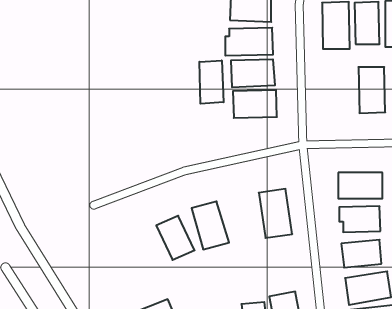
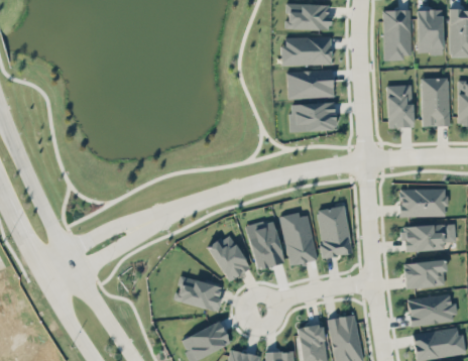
building: [199,60,224,104] -> none
building: none -> [387,85,414,128]
building: none -> [279,212,318,266]
building: none -> [176,276,223,311]

